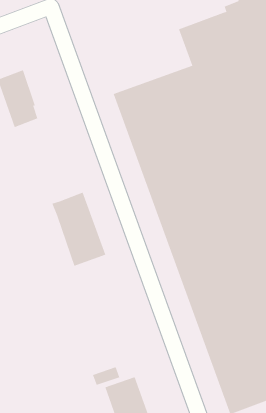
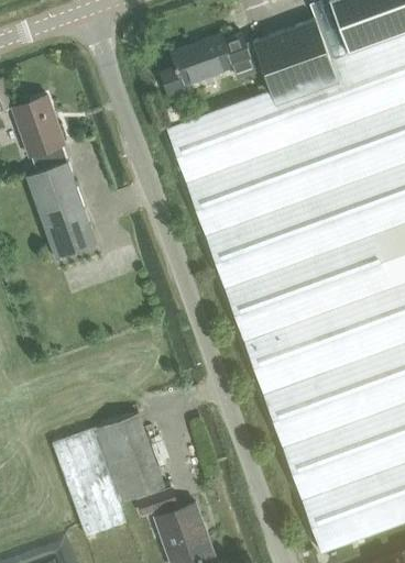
building: none -> [162,34,259,98]
building: [52,192,106,267] -> [26,162,99,261]
building: none -> [54,413,167,538]

